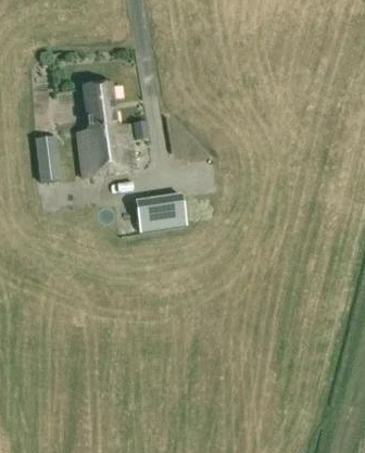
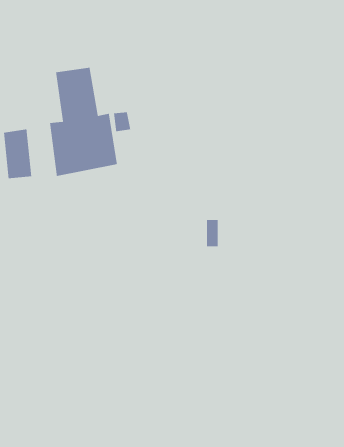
building: [133,192,184,229] -> none

